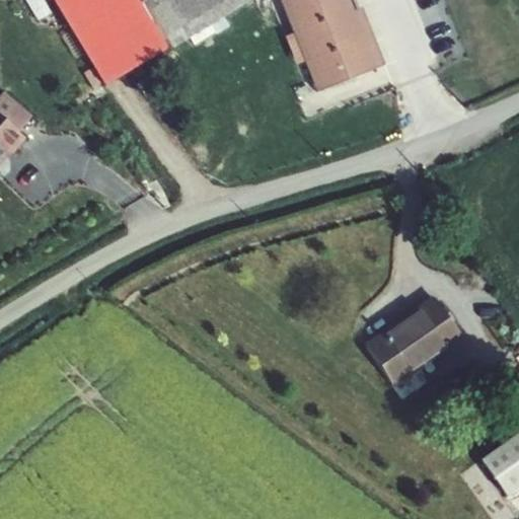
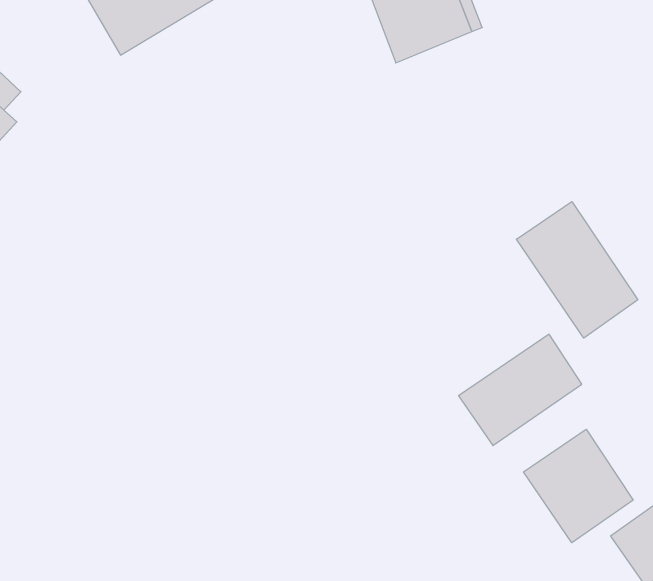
building: none -> [516,202,638,338]
building: none -> [524,429,633,543]

